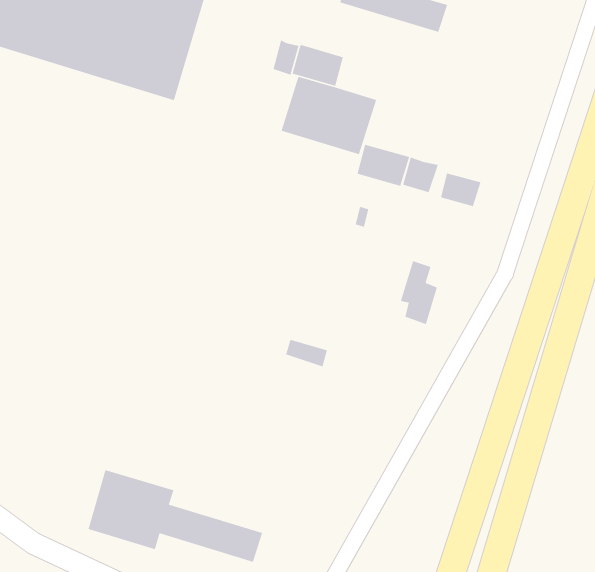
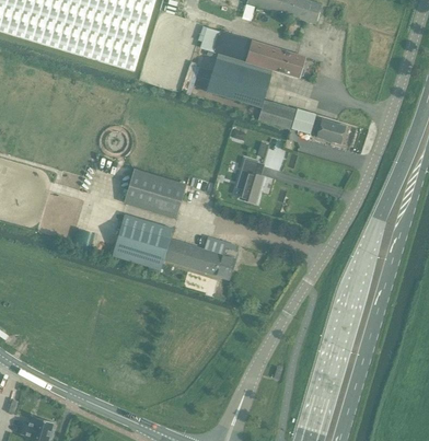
building: none -> [244,39,305,77]
building: none -> [123,167,186,217]
building: [400,260,438,325] -> [236,159,263,204]
building: [87,469,263,563] -> [113,214,234,279]

